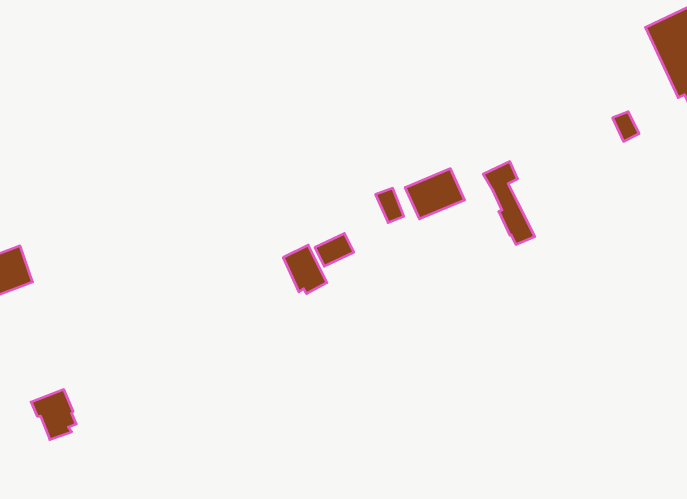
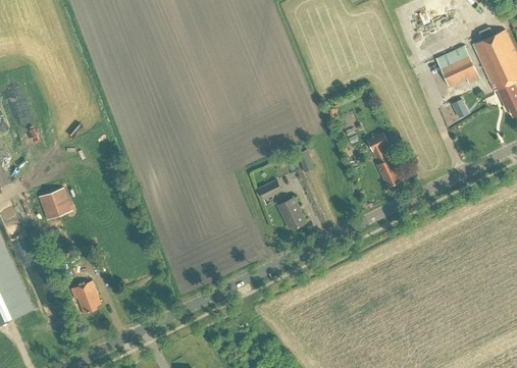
building: none -> [435,46,477,88]
building: [405,169,465,219] -> none
building: [283,245,327,294] -> [277,198,306,229]

